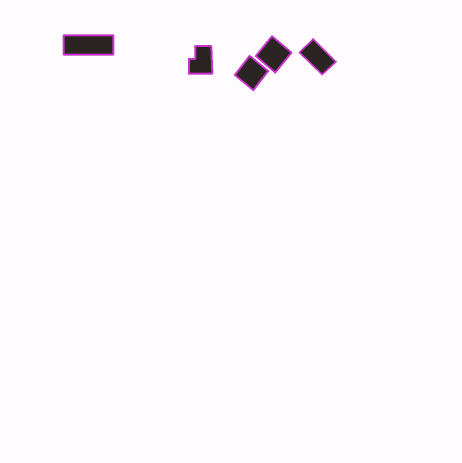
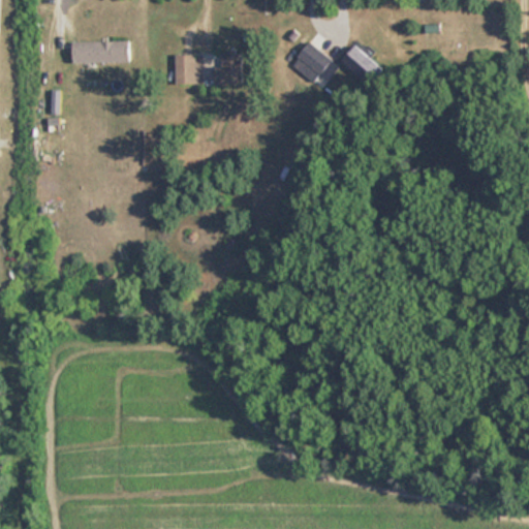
building: none -> [175,55,201,85]
building: [235,56,268,90] -> none

